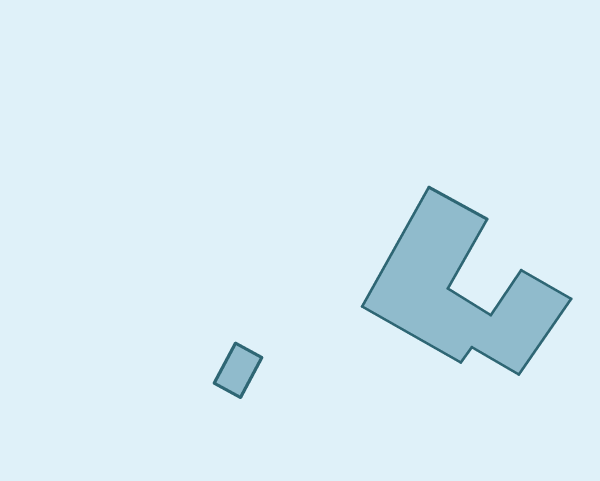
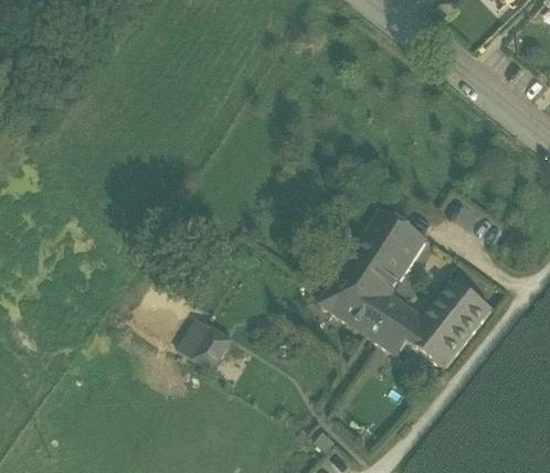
building: none -> [176,314,211,356]

